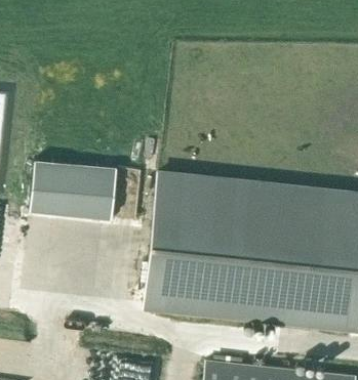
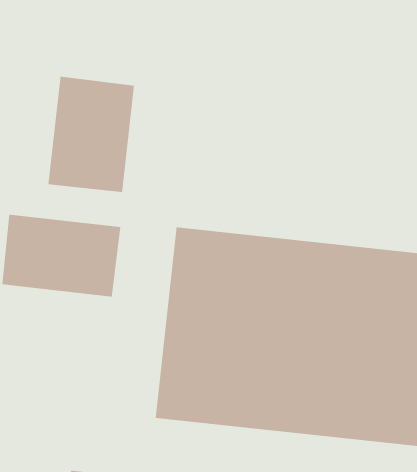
building: none -> [48,76,134,193]

